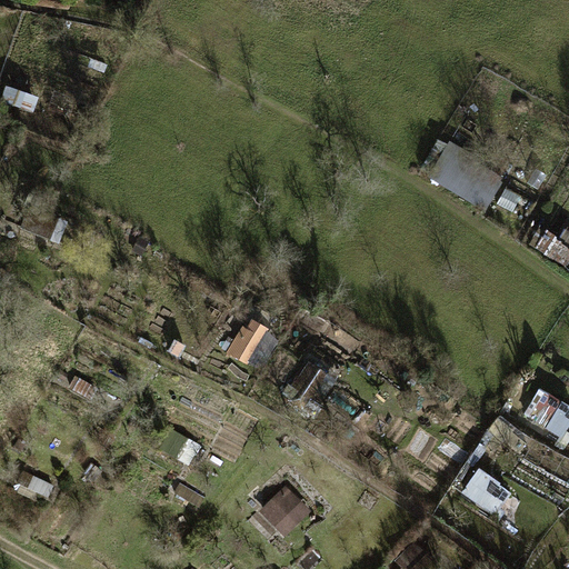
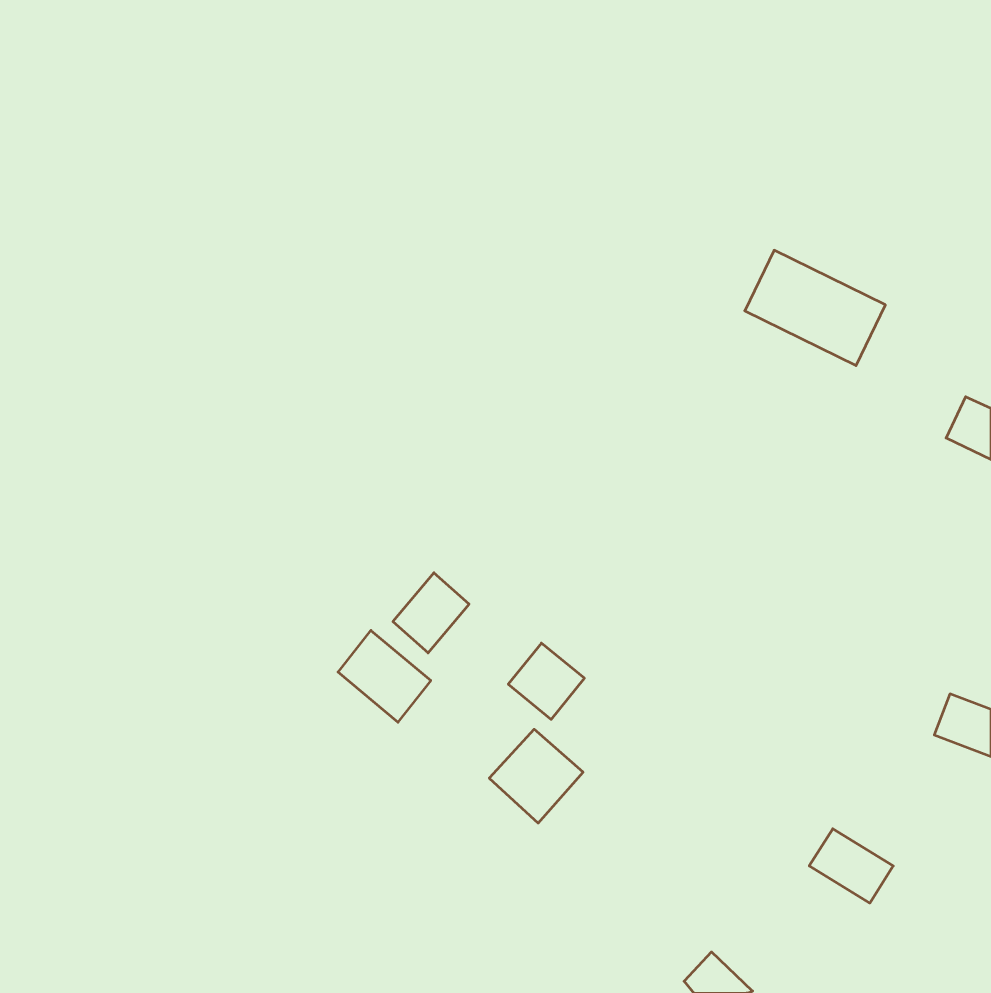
building: none -> [338,630,431,722]
building: [258,483,311,537] -> [489,729,583,823]

